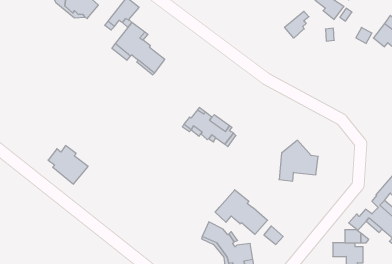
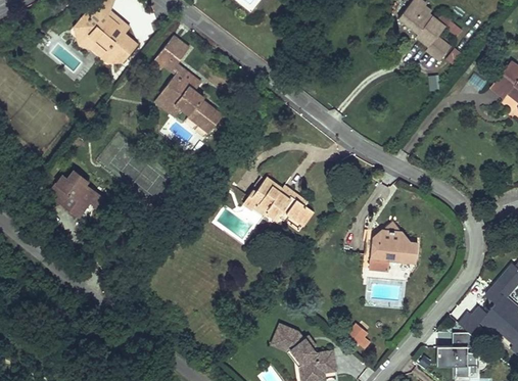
building: [285,11,309,38] -> none
building: [48,146,88,184] -> [51,173,102,222]
building: [215,190,268,234] -> none

